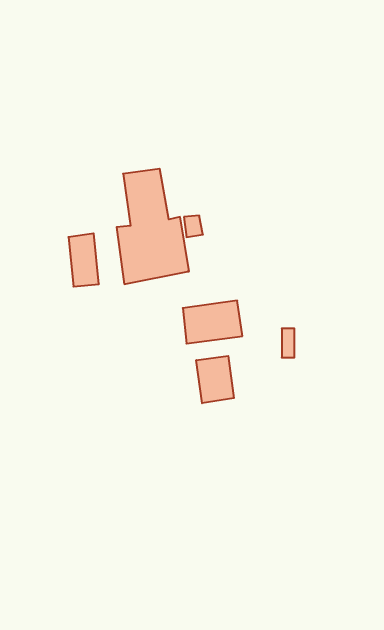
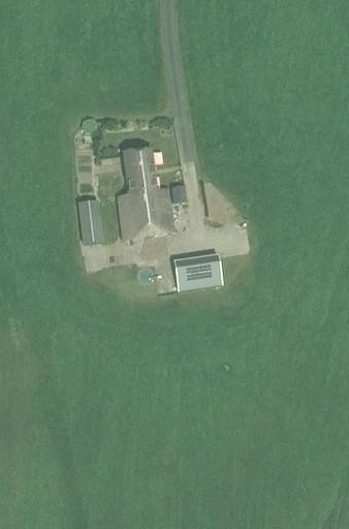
building: [196,356,234,403] -> none

